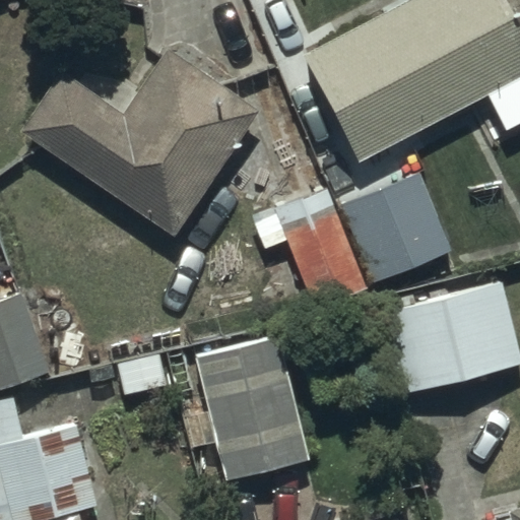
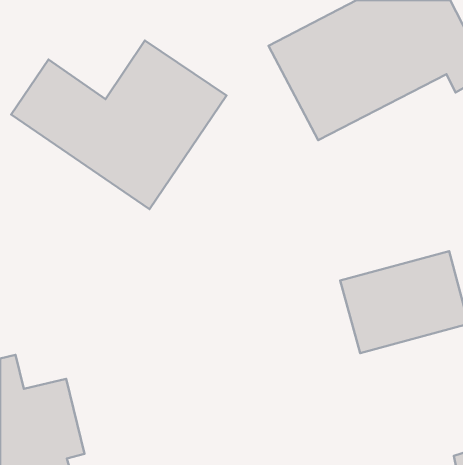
building: [344,171,453,278] -> none
building: [274,186,374,320] -> none
building: [196,336,307,480] -> none

